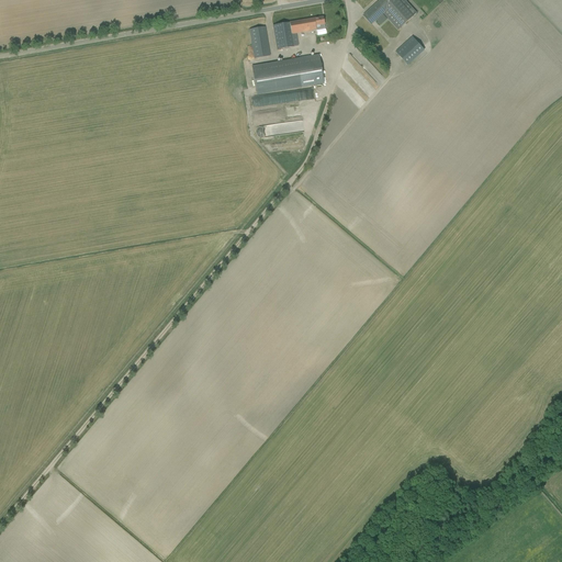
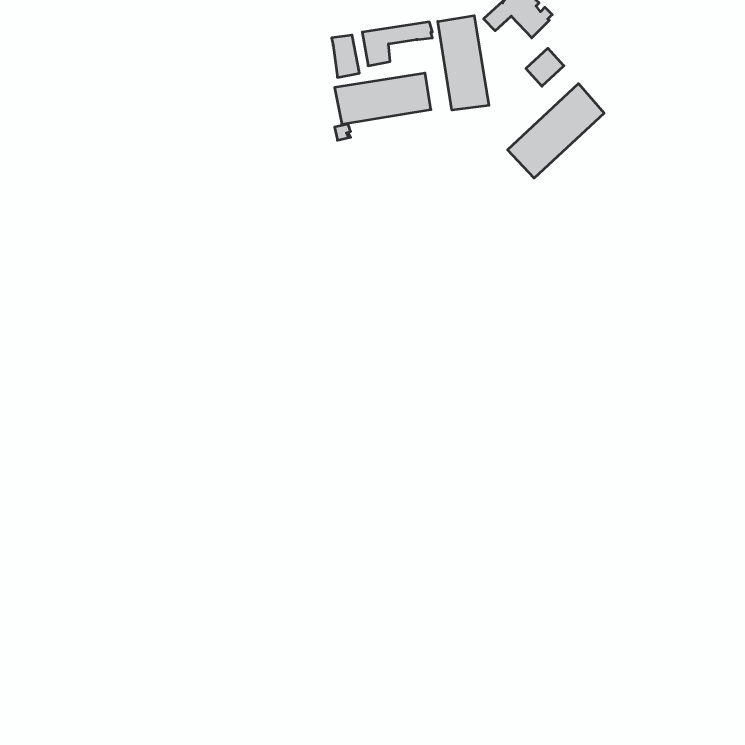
building: none -> [438,16,489,110]
building: none -> [508,84,604,178]

